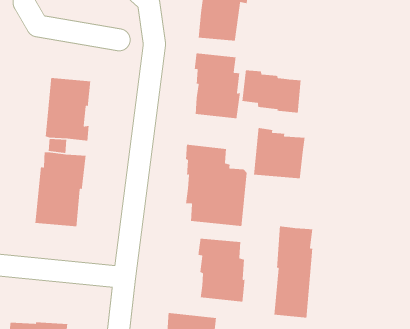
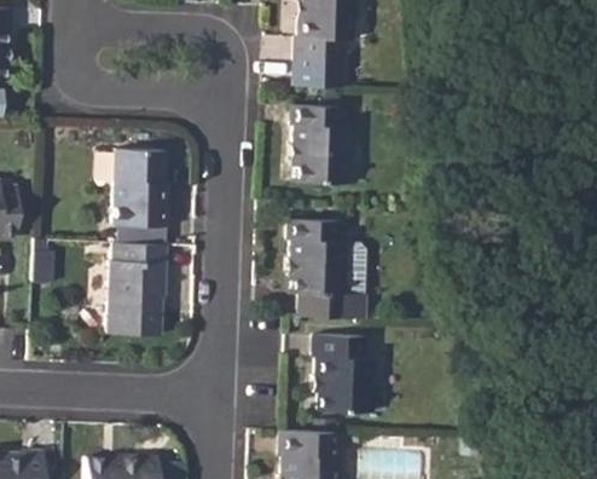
building: [242,70,301,113] -> none
building: [253,127,305,179] -> none
building: [273,225,313,319] -> none

